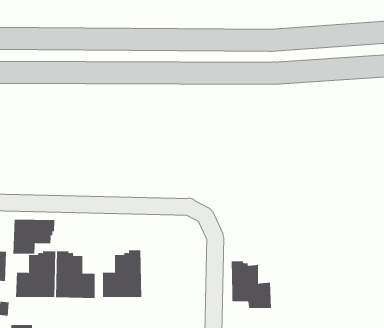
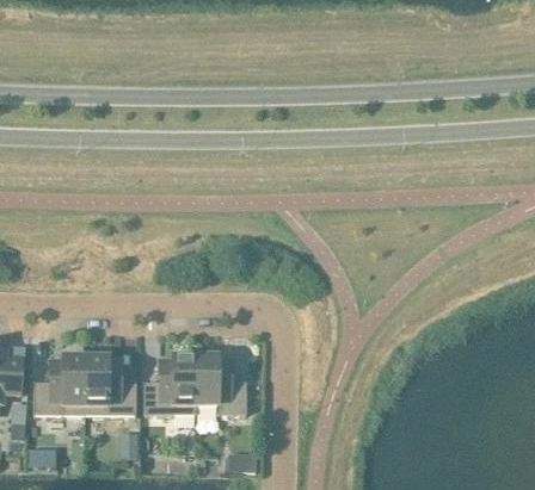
building: [13,219,55,254] -> none
building: [231,261,272,308] -> [195,352,247,413]

